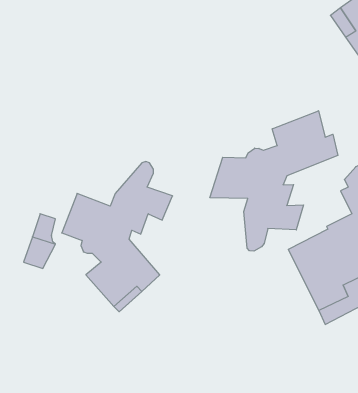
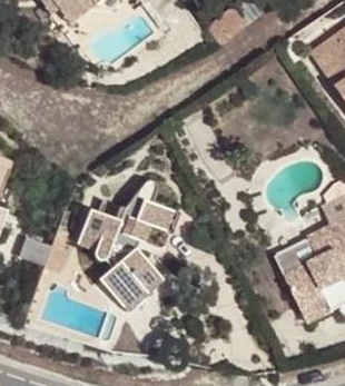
building: [210,111,338,251] -> none

